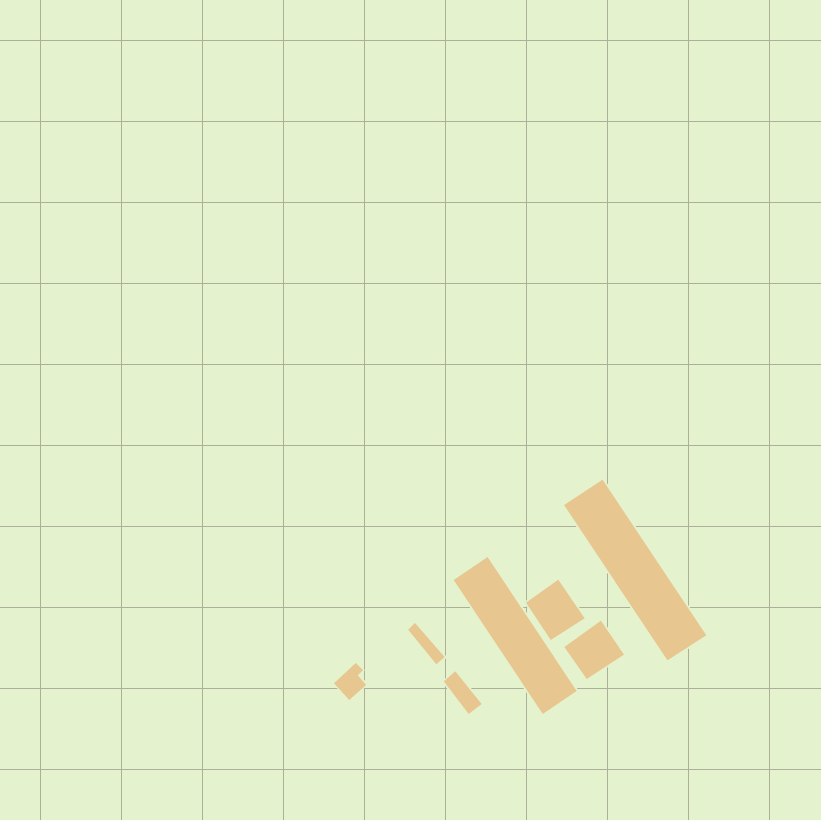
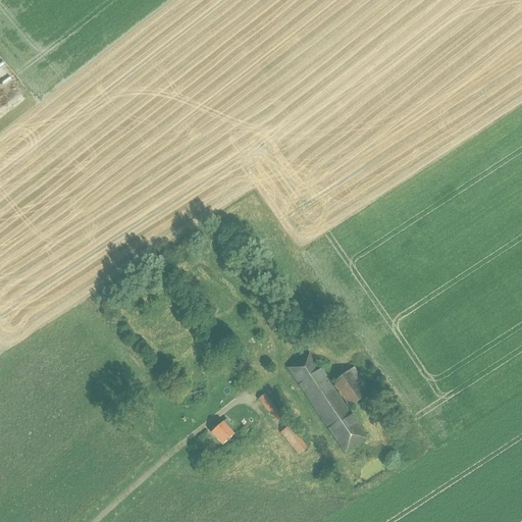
building: [563,479,707,662] -> none
building: [563,620,625,680] -> none

